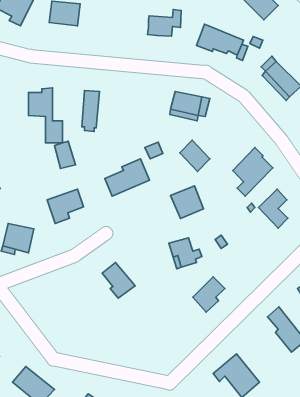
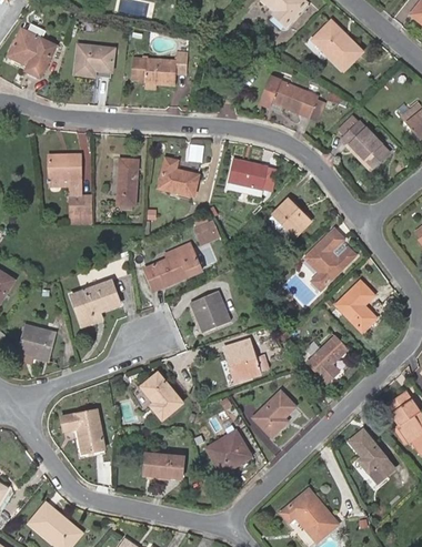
building: [148,10,181,36] -> [144,50,187,83]
building: none -> [158,158,197,194]
building: [180,140,210,171] -> [272,197,310,236]
building: [54,141,75,169] -> none
building: [171,186,203,219] -> [189,290,230,331]
building: none -> [307,335,346,382]
building: none -> [60,409,103,452]
building: none -> [207,430,249,473]
building: none -> [143,453,182,477]

